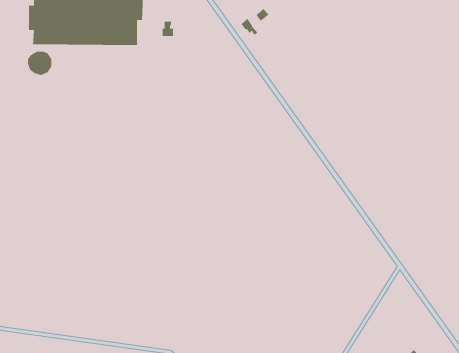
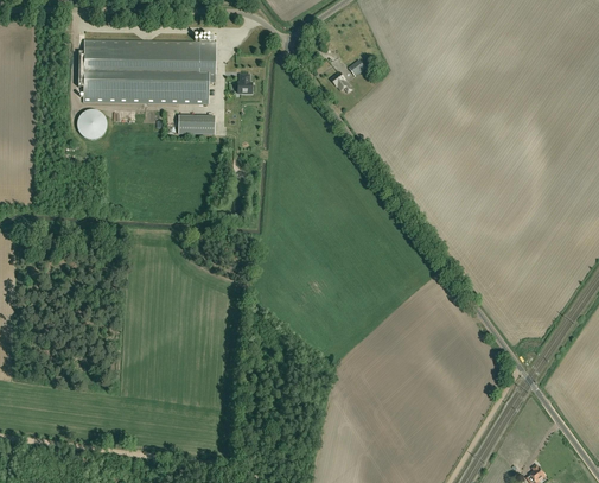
building: none -> [178,114,215,132]

